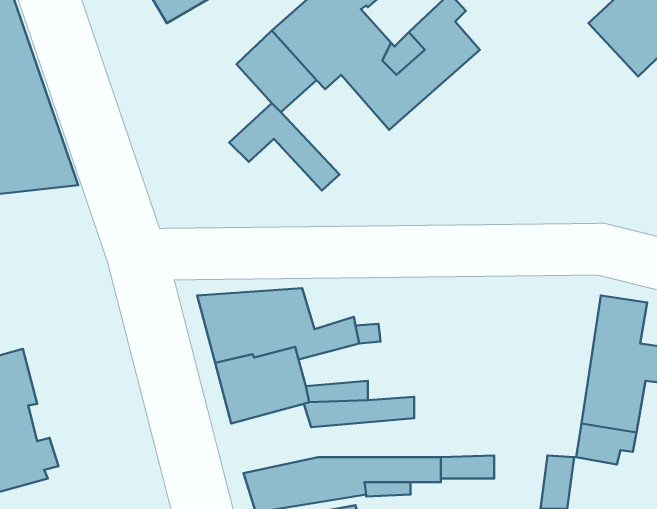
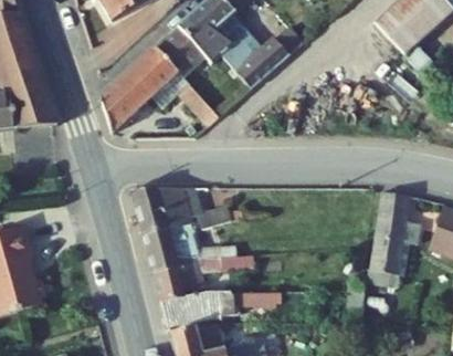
building: none -> [101,46,178,132]
building: none -> [152,258,207,301]

